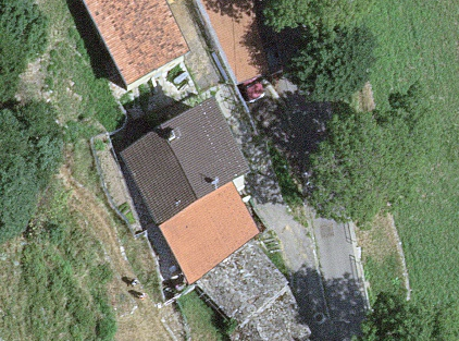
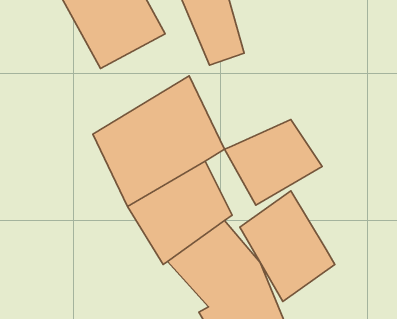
building: none -> [225,119,322,205]
building: none -> [240,191,335,301]

